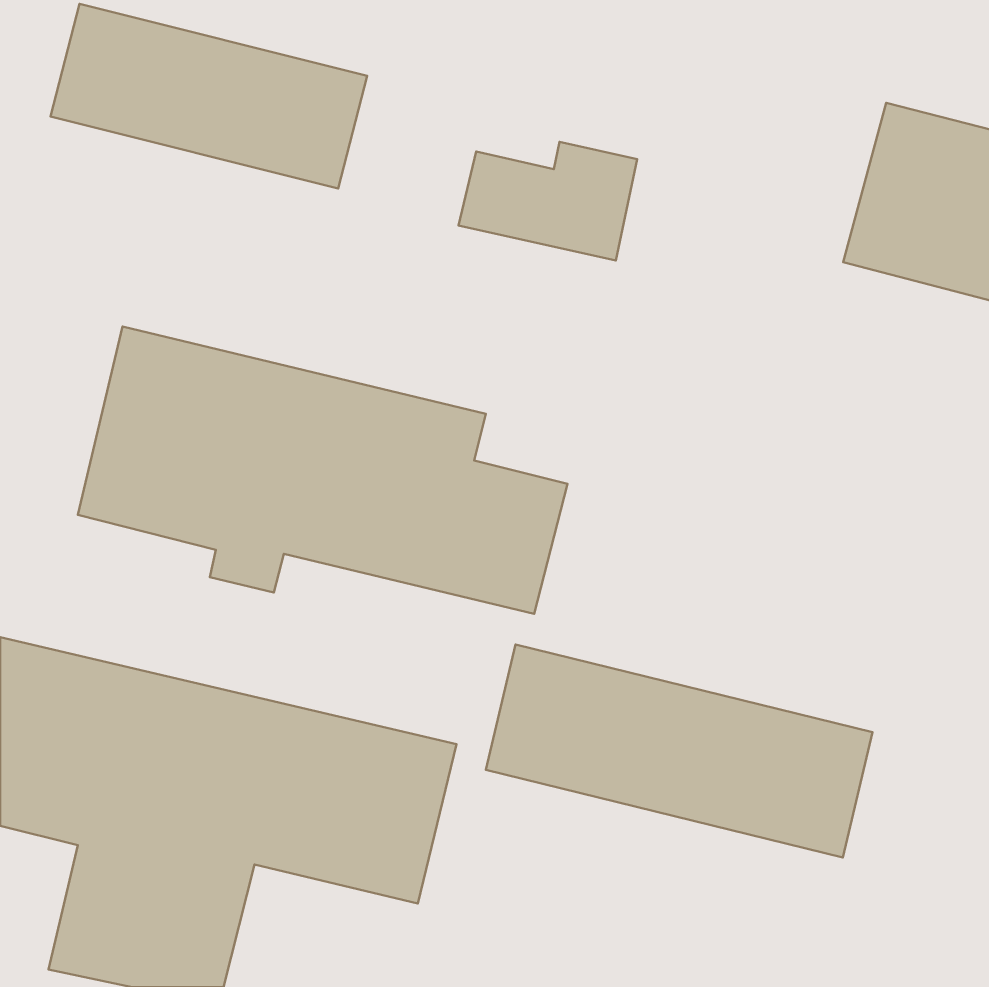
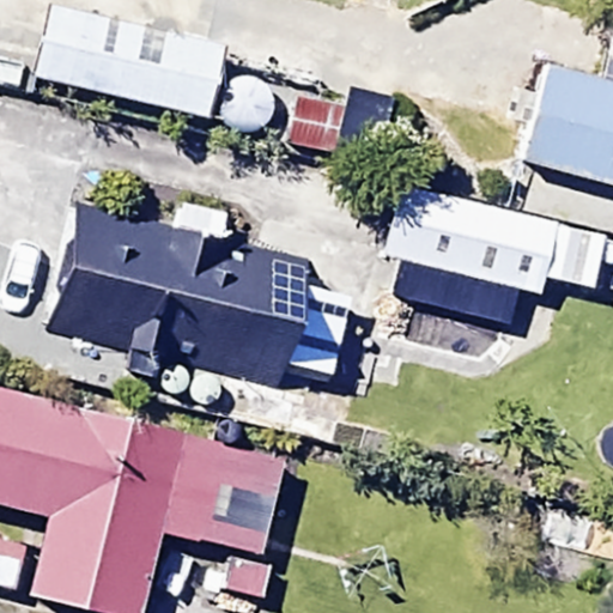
building: none -> [382,188,602,295]
building: [486,644,872,858] -> none

